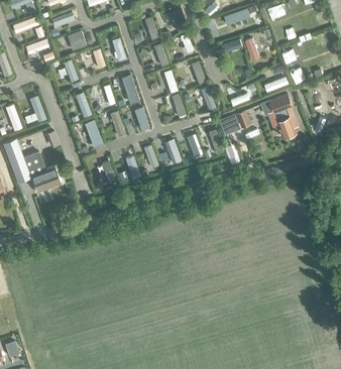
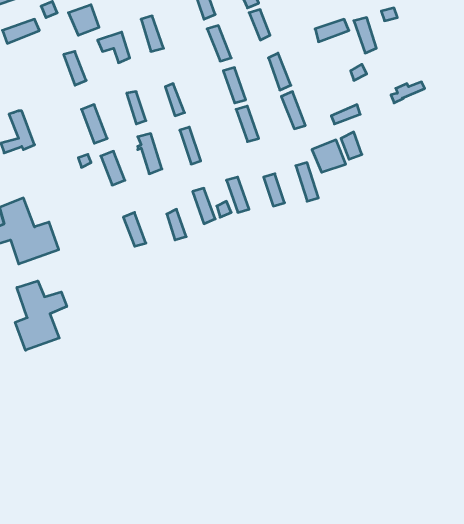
building: [269,94,296,137] -> none
building: none -> [15,281,67,350]

